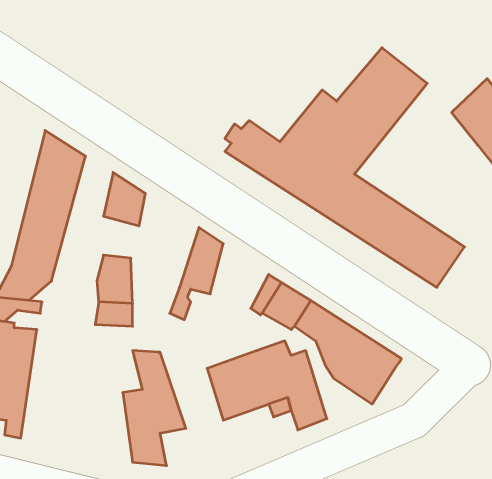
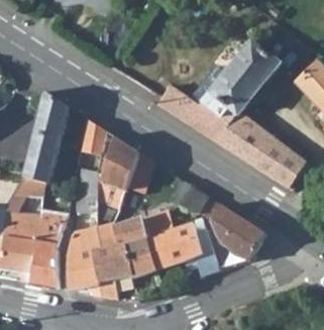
building: none -> [102,135,139,188]
building: none -> [114,206,176,279]
building: none -> [28,208,66,288]
building: none -> [65,230,104,297]

